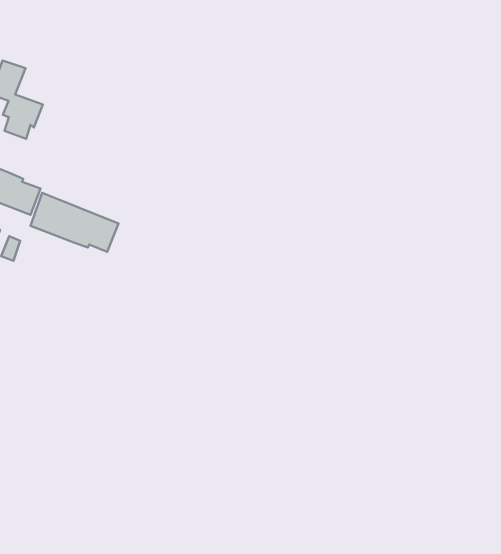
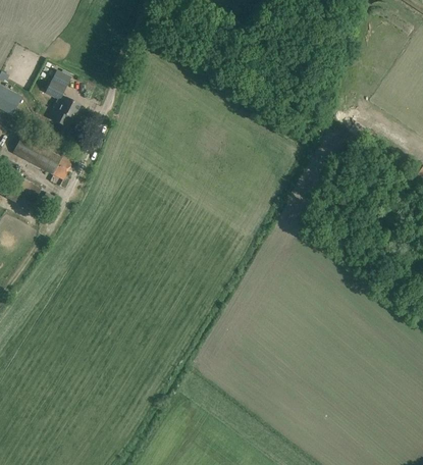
building: [30,193,118,252] -> none

